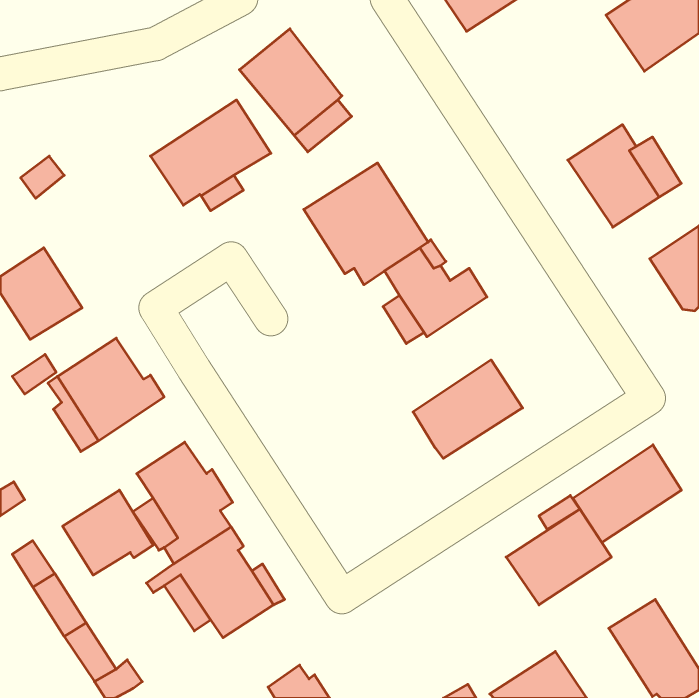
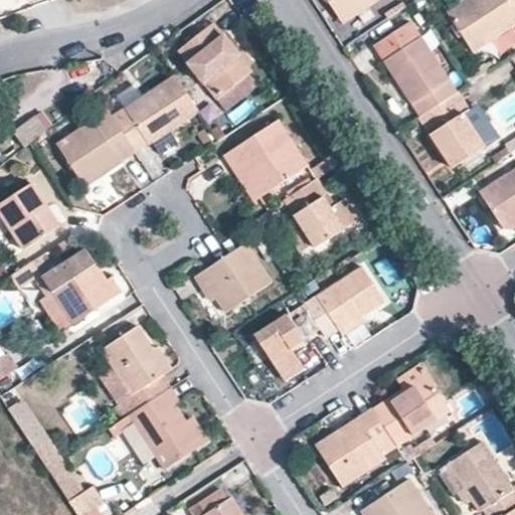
building: none -> [371,19,450,105]
building: none -> [55,110,135,186]
building: none -> [193,242,272,313]
building: none -> [253,303,320,379]
building: [573,445,681,542] -> none
building: [63,490,153,575] -> none
building: none -> [314,407,396,486]

